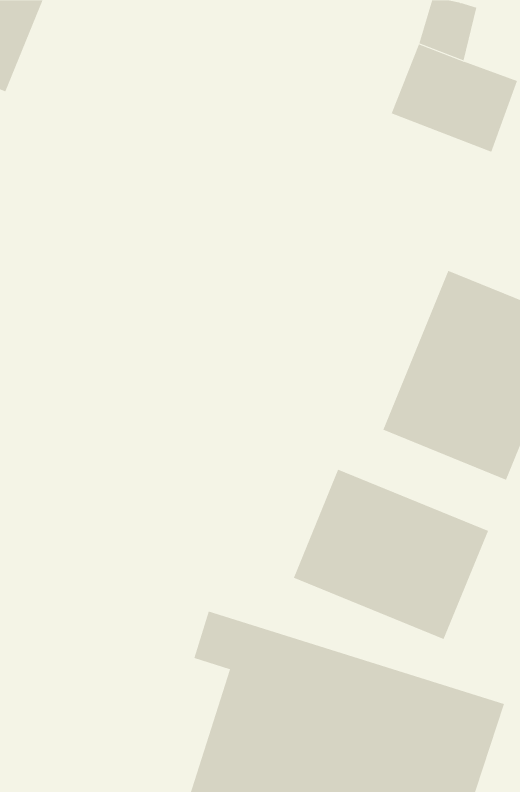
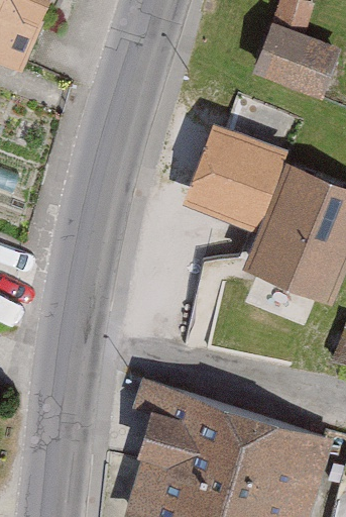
building: none -> [188,134,281,229]
building: [293,469,489,640] -> none

